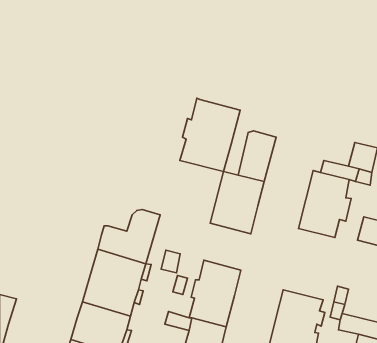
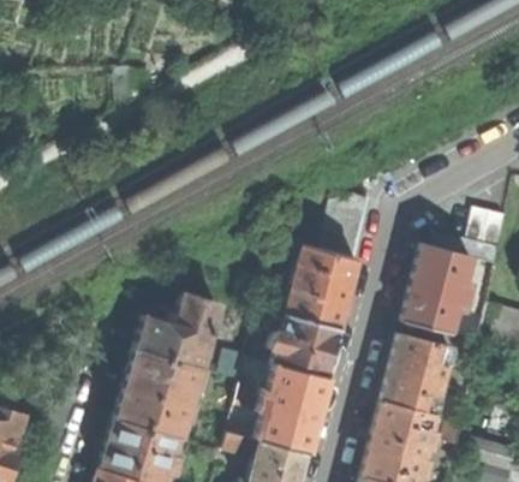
building: [180,98,240,171] -> none
building: none -> [270,315,339,377]
building: none -> [382,337,452,417]

